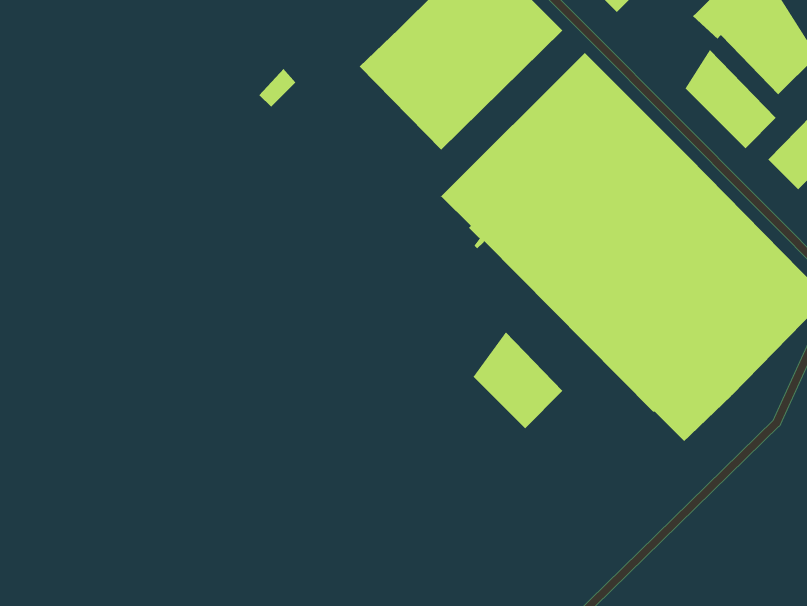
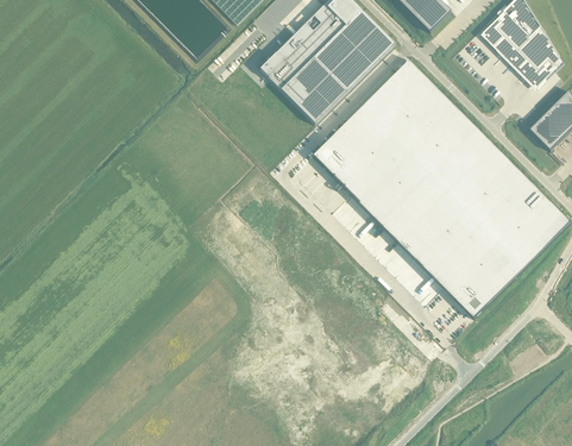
building: [685,49,777,149] -> none
building: [473,332,563,429] -> none

